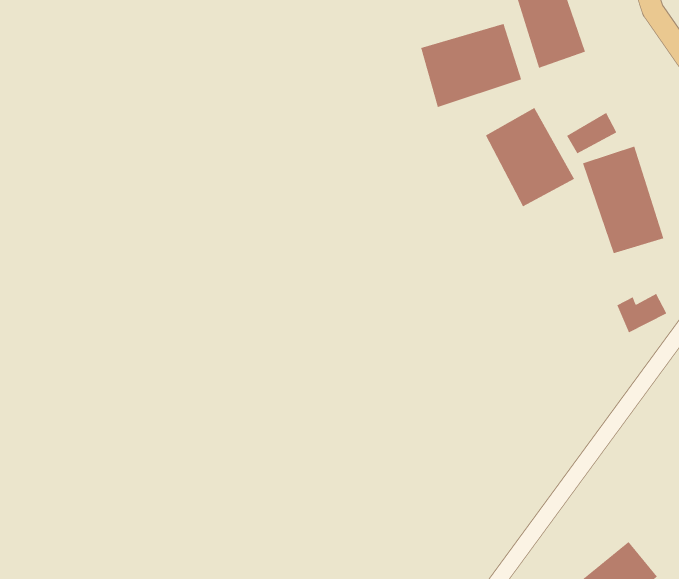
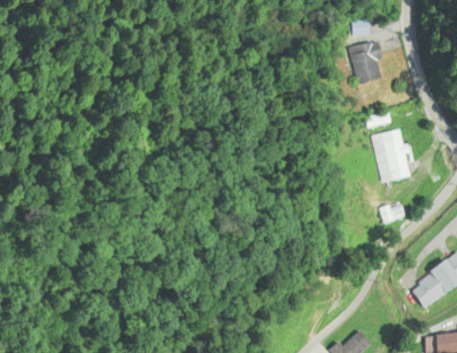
building: [420,23,522,108] -> none
building: [485,107,575,207] -> none

